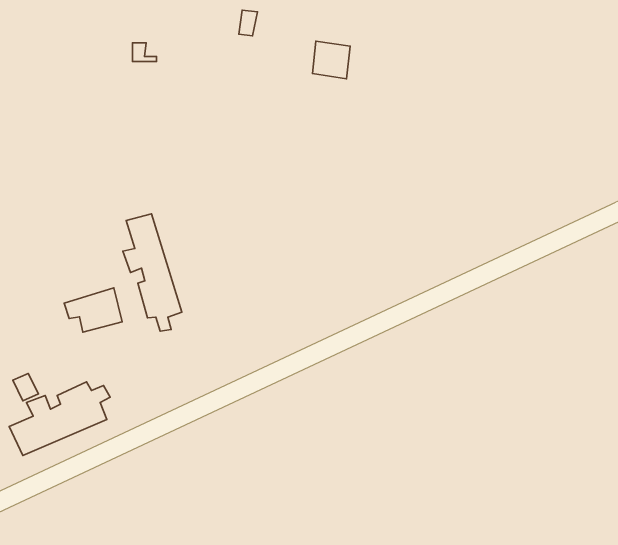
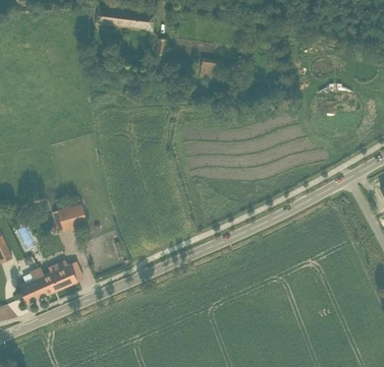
building: [123,214,182,331] -> none

